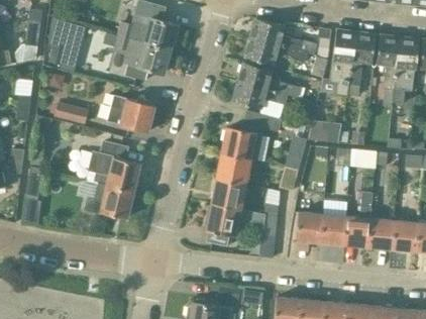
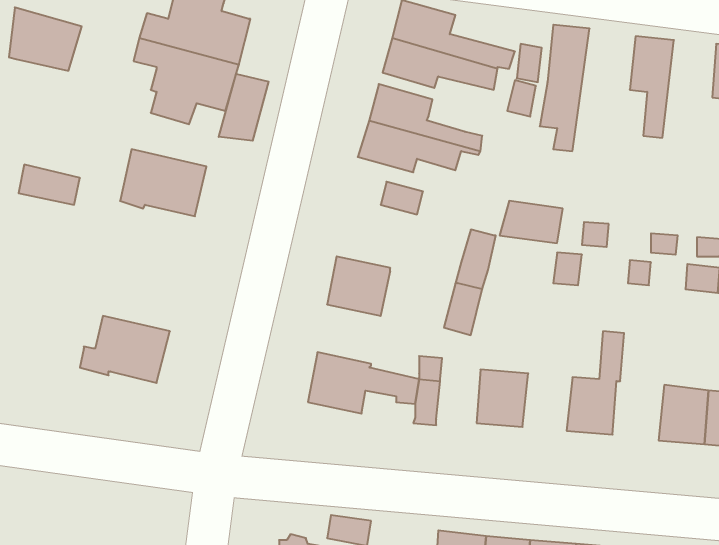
building: [346,31,375,97] -> none
building: [393,37,418,104] -> none
building: [49,47,81,73] -> none
building: none -> [219,74,269,141]
building: [222,126,262,162] -> none
building: [90,143,140,191] -> none
building: [212,177,245,208] -> none
building: [320,213,346,243] -> none
building: [367,217,395,248] -> none

